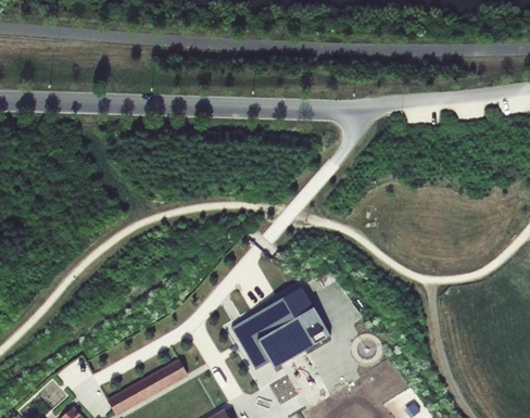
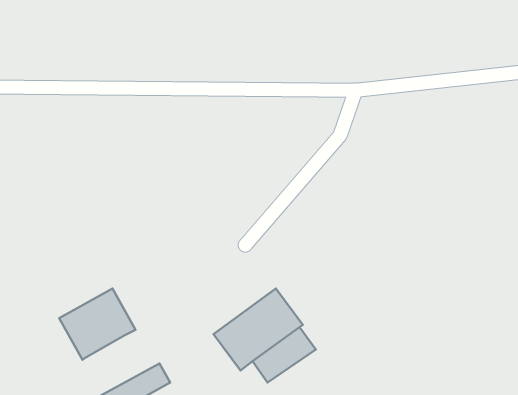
building: none -> [59,288,136,360]

